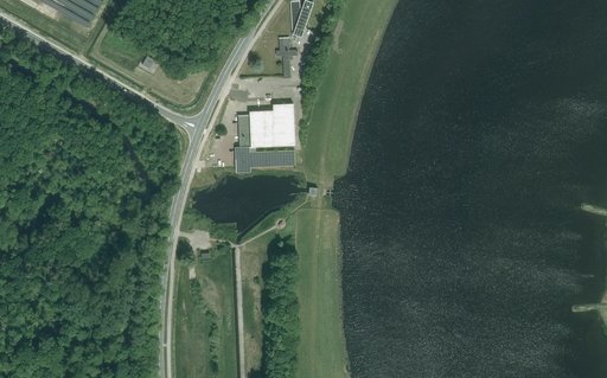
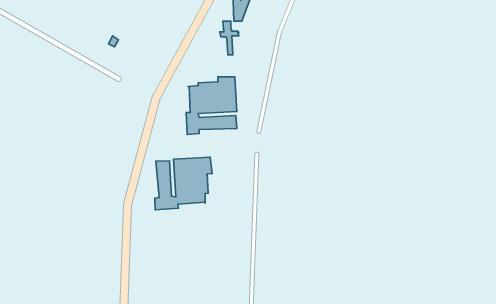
building: none -> [155,157,212,210]

